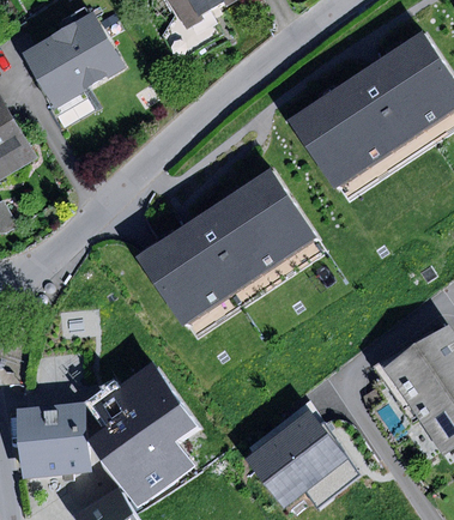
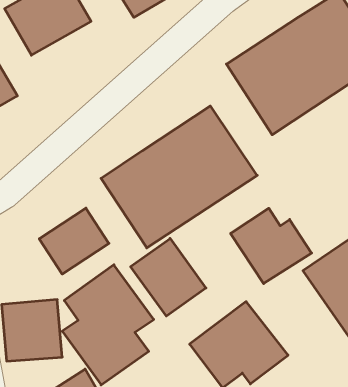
building: none -> [39,208,109,274]
building: none -> [231,208,312,284]
building: none -> [131,238,206,316]

